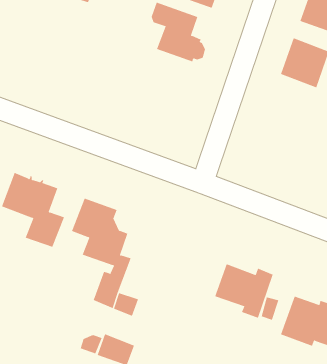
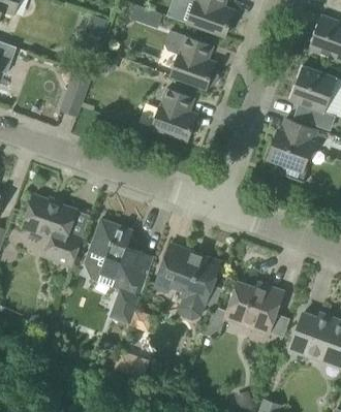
building: none -> [59,69,93,117]
building: none -> [152,88,195,140]
building: none -> [268,119,316,181]
building: none -> [154,244,219,320]

